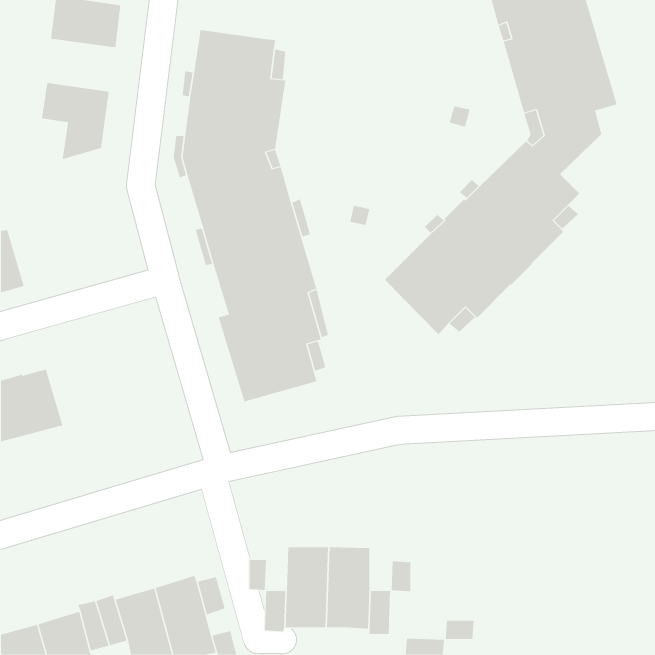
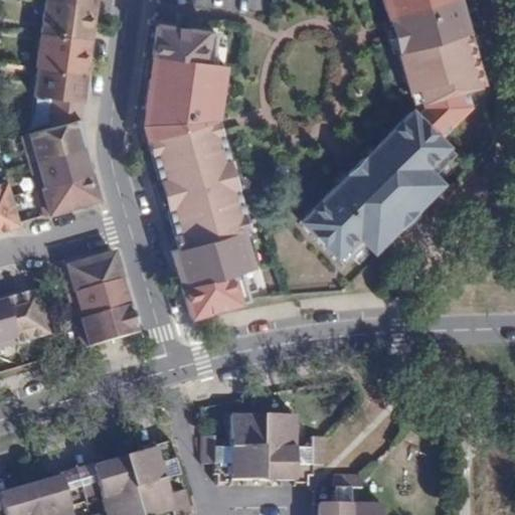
building: none -> [37,30,94,71]
building: none -> [23,116,102,213]
building: none -> [61,250,140,346]

